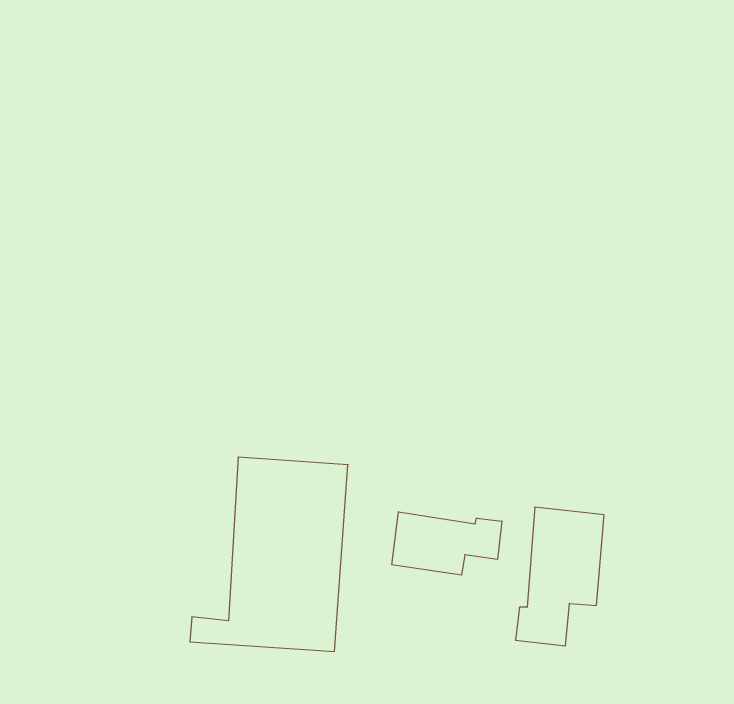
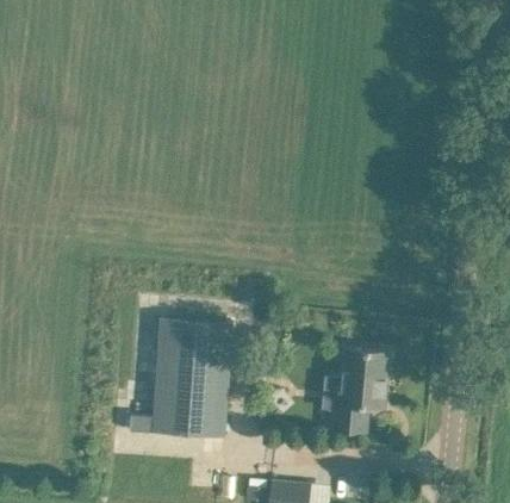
building: [392,512,502,575] -> none

